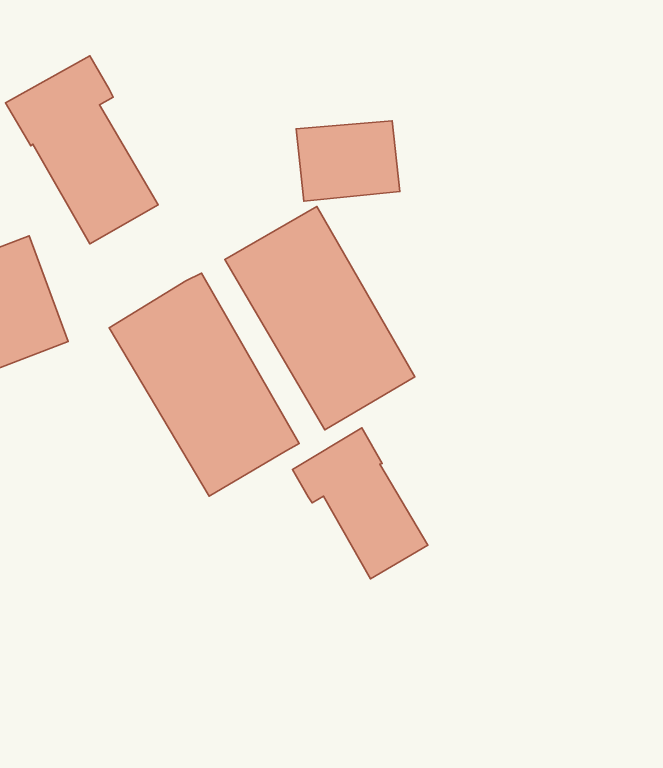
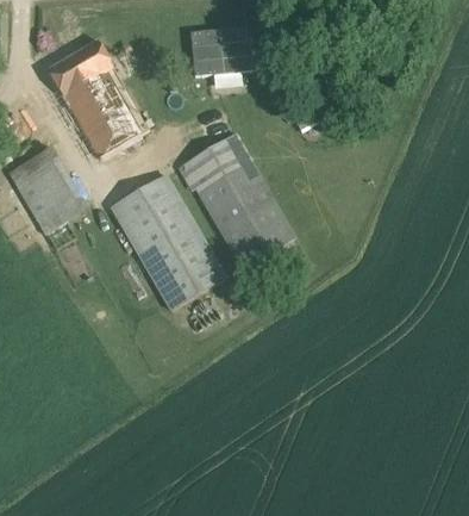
building: [296,121,400,201] -> [189,26,252,75]
building: [292,428,428,579] -> none

